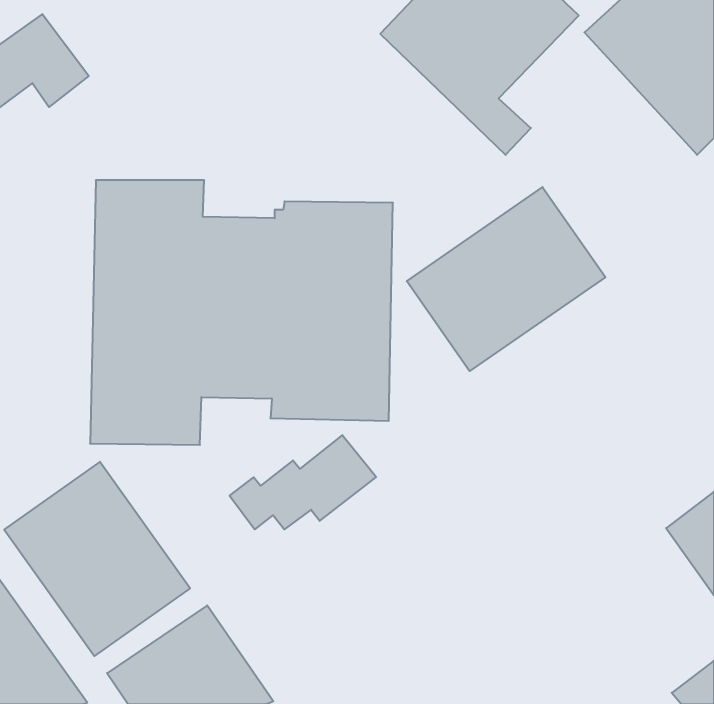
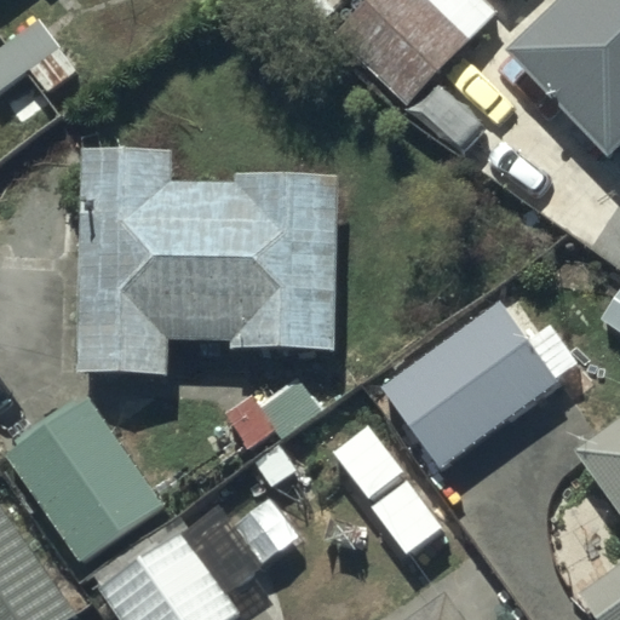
building: [407,187,605,371] -> none
building: none -> [377,299,576,473]

